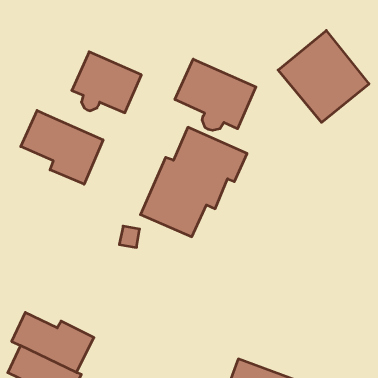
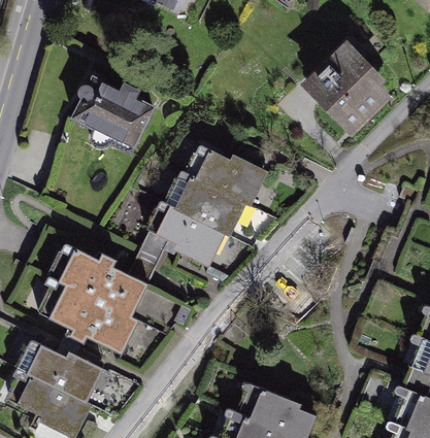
building: [175,59,256,130] -> none
building: [21,110,103,184] -> none
building: none -> [44,249,145,357]

